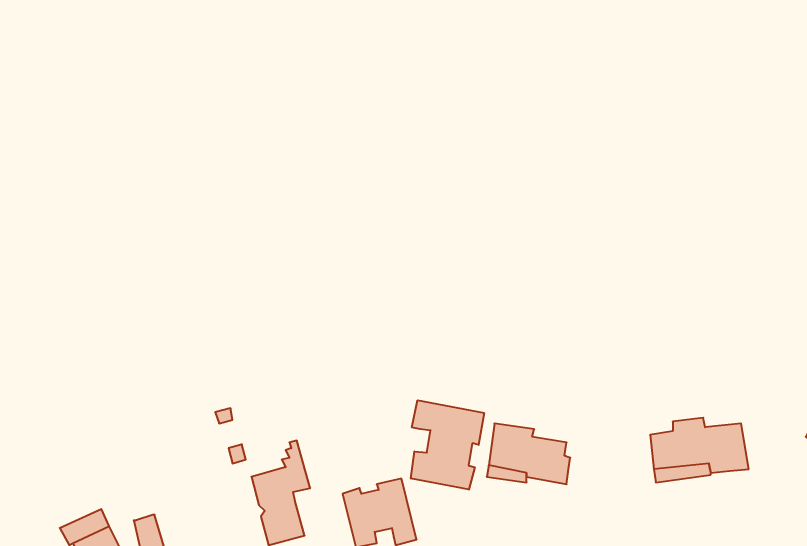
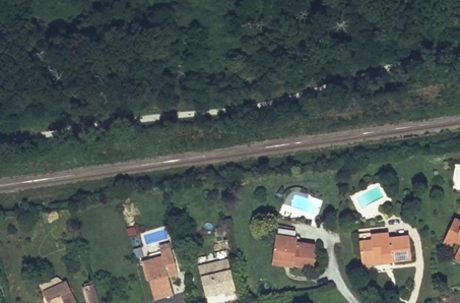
building: [411,400,484,490] -> none

